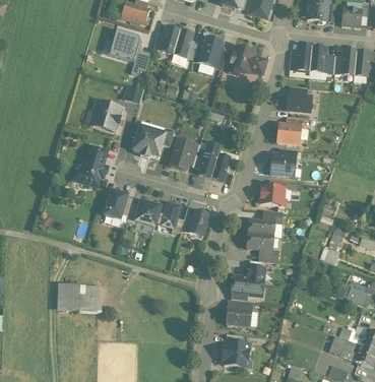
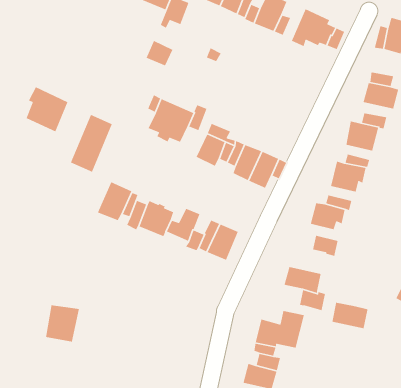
building: [92,100,122,131] -> [26,86,68,132]
building: [248,220,273,238] -> [331,302,368,329]
building: [59,285,79,311] -> none

